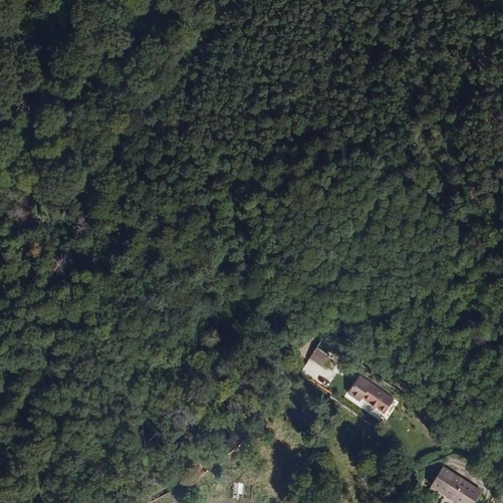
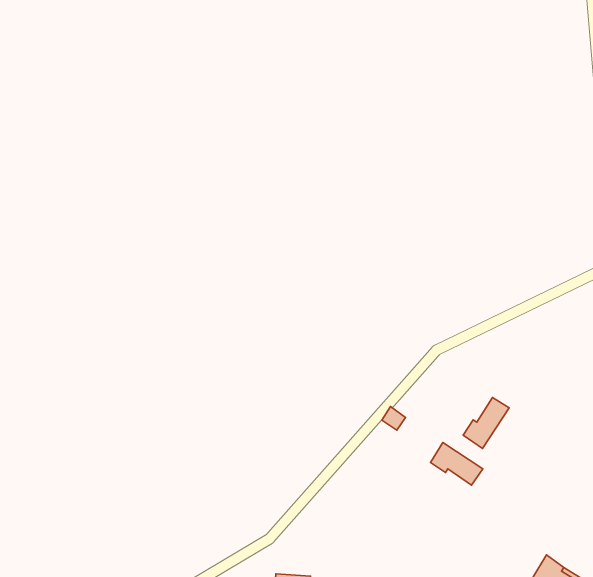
building: none -> [463,397,509,449]

